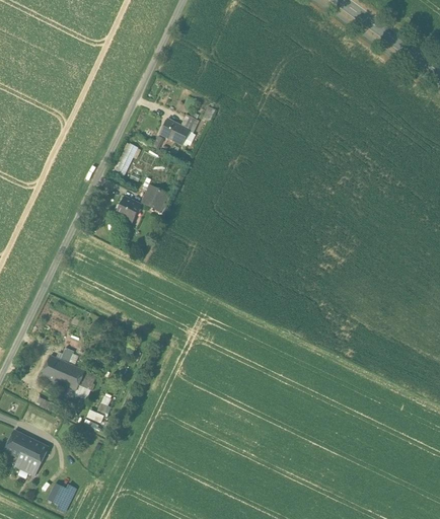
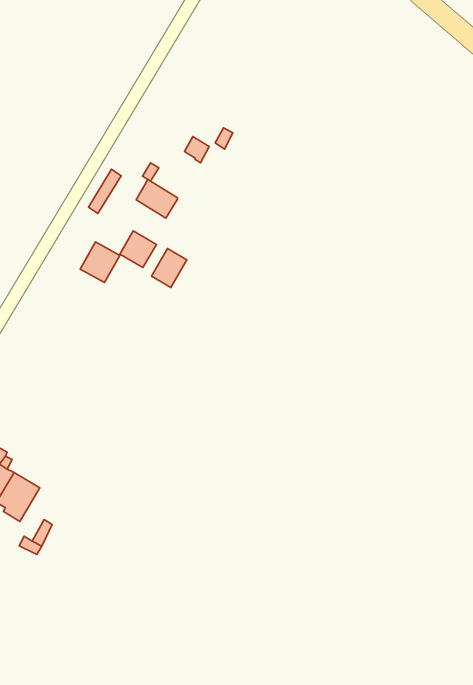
building: [159,119,189,145] -> [136,180,178,218]
building: none -> [151,249,187,287]

